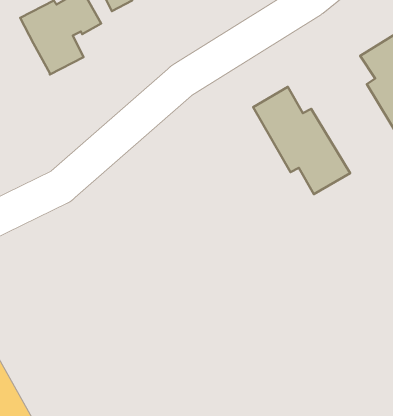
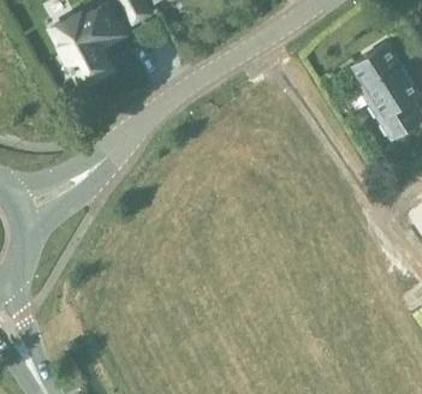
building: [253,87,350,194] -> none

